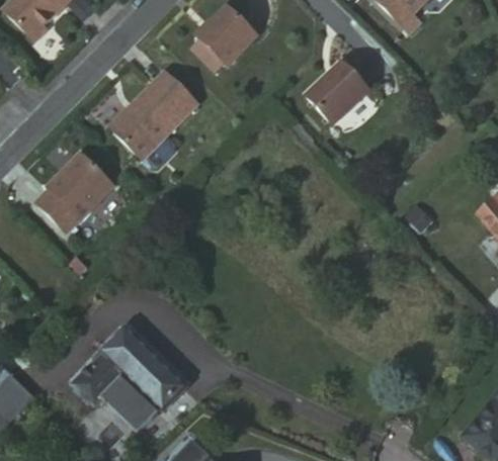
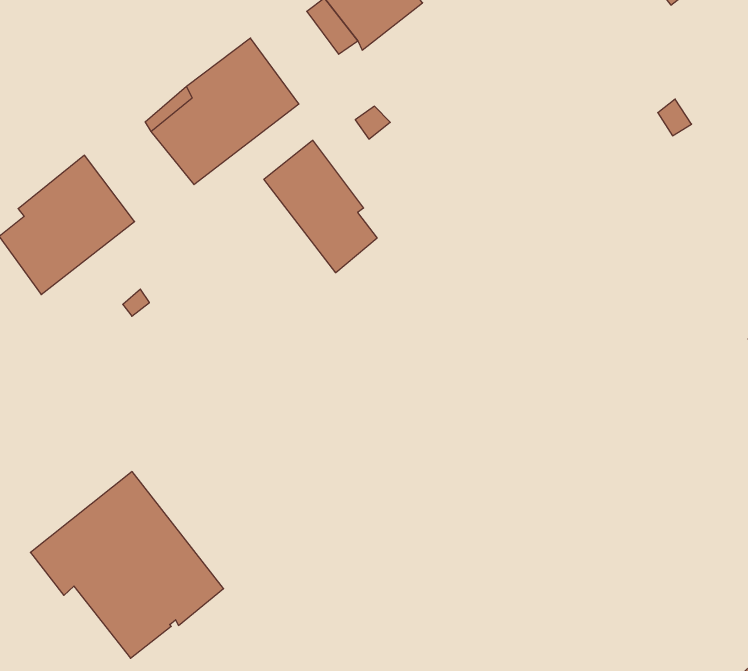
building: [306,61,371,126] -> none
building: none -> [264,140,377,273]

